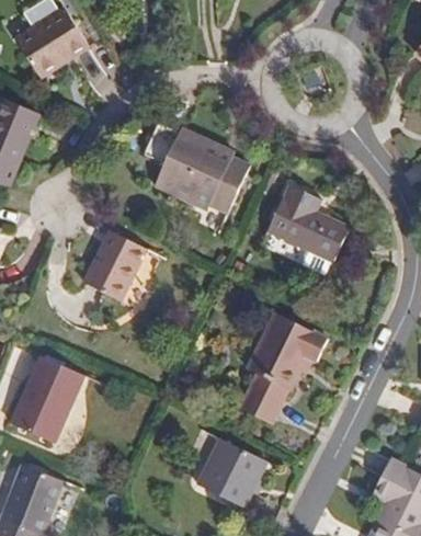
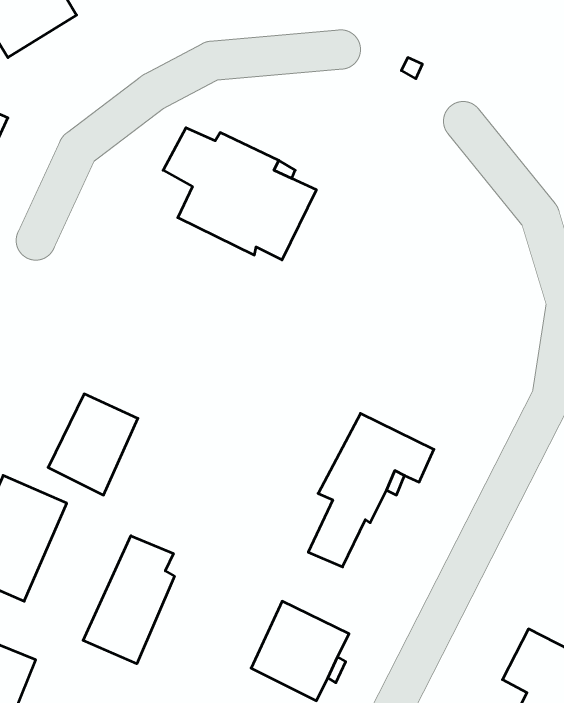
building: [266,184,349,262] -> none
building: [81,230,141,298] -> [48,394,138,495]
building: none -> [83,536,174,664]

